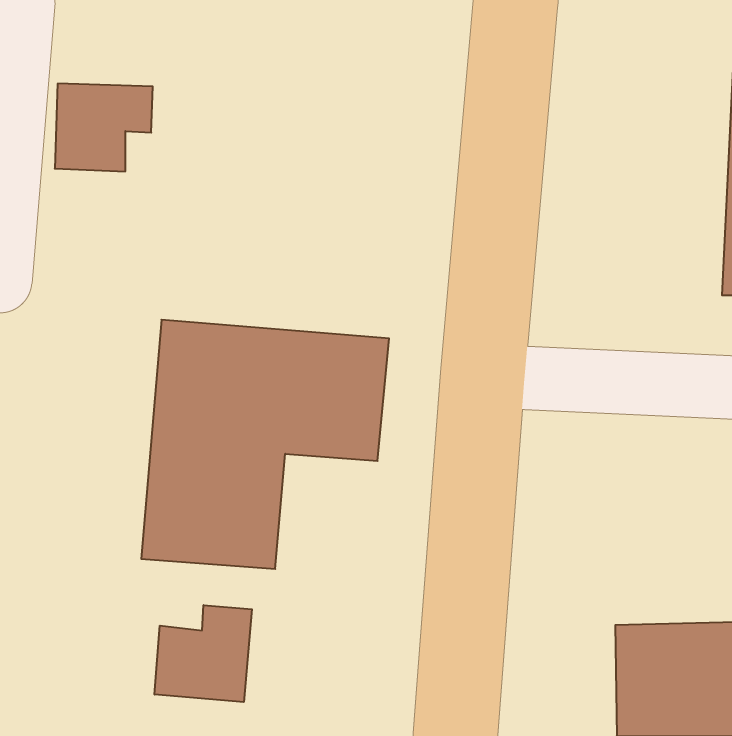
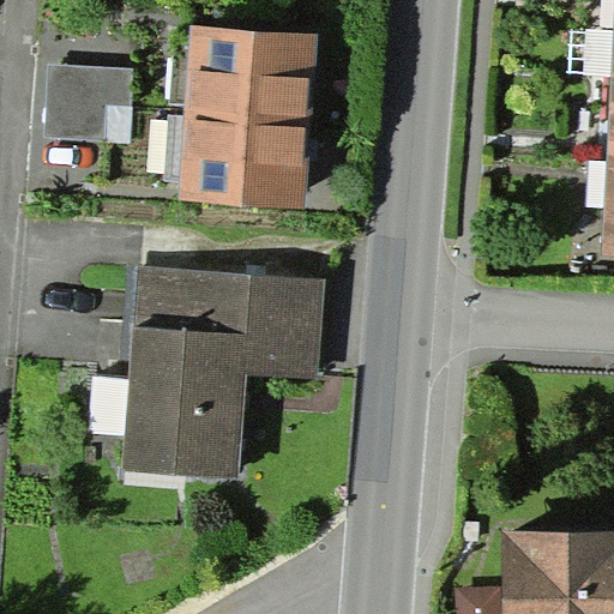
building: none -> [176,25,312,210]
building: [155,605,252,702] -> none

